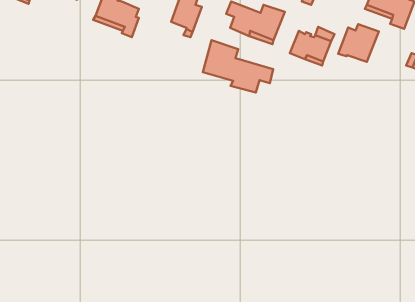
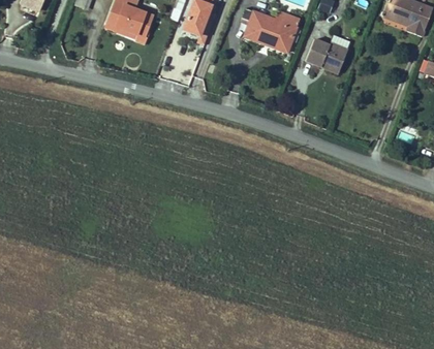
building: [338,24,379,62] -> none
building: [203,40,273,92] -> none

